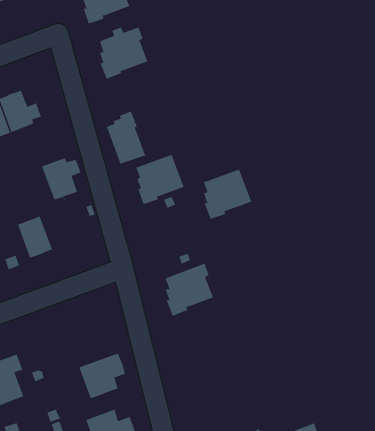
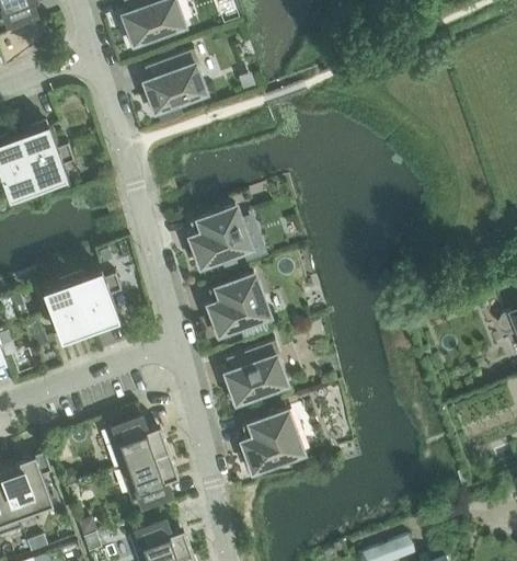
building: [106,110,146,165] -> none
building: [41,157,81,201] -> [73,273,123,327]
building: [203,169,252,219] -> [209,276,269,339]
building: none -> [243,412,303,476]
building: none -> [106,419,170,470]

